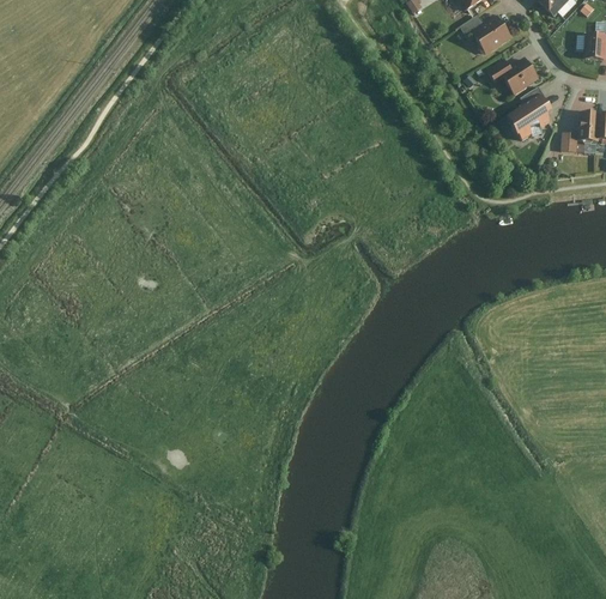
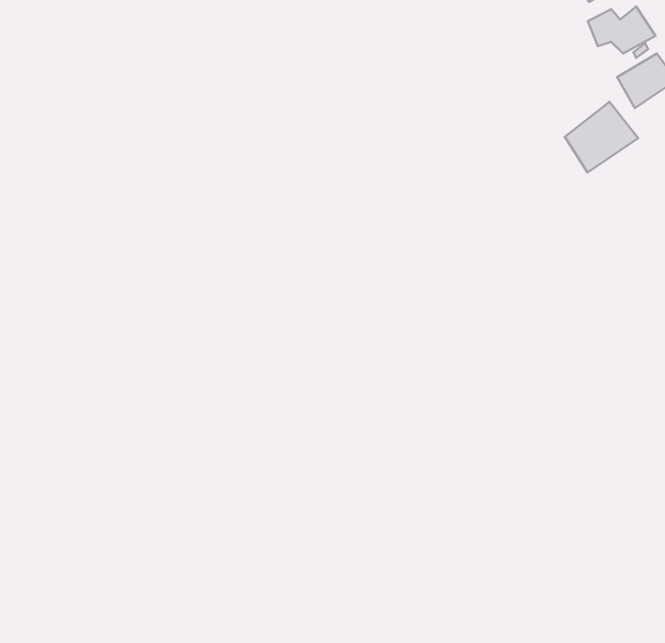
building: none -> [565,102,638,172]

